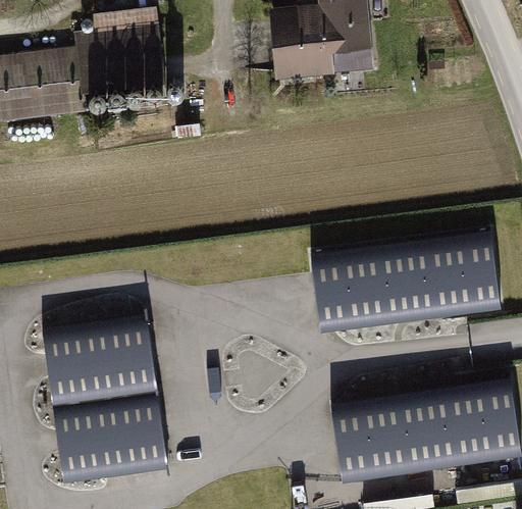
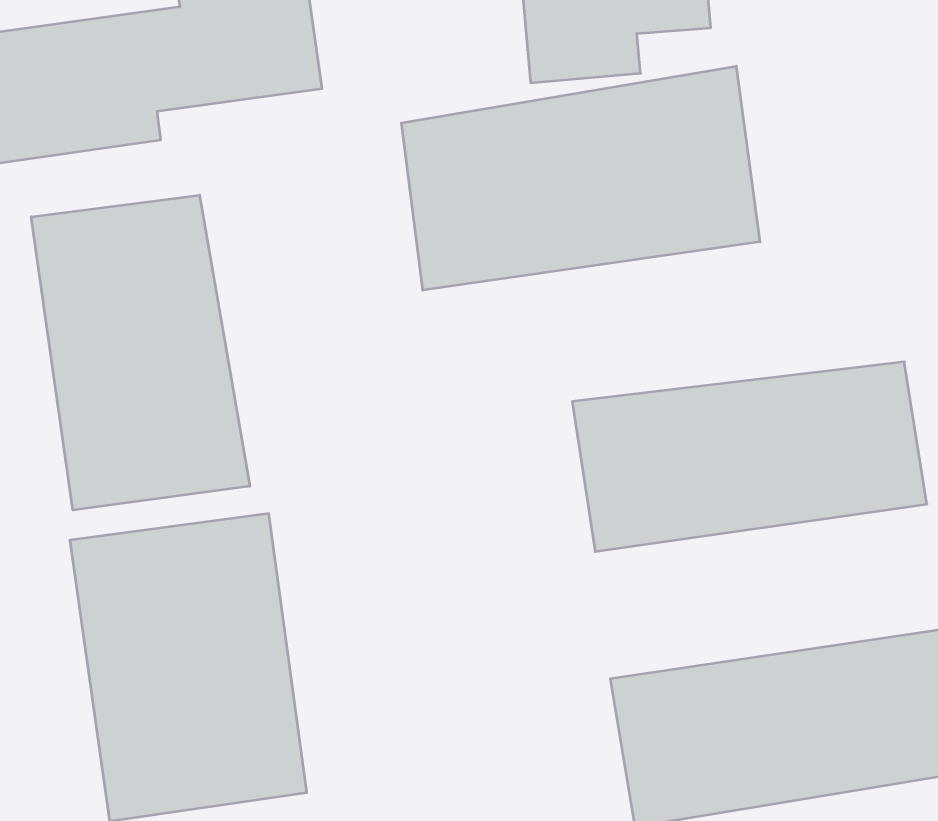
building: none -> [401,66,760,290]
building: none -> [31,195,250,510]

